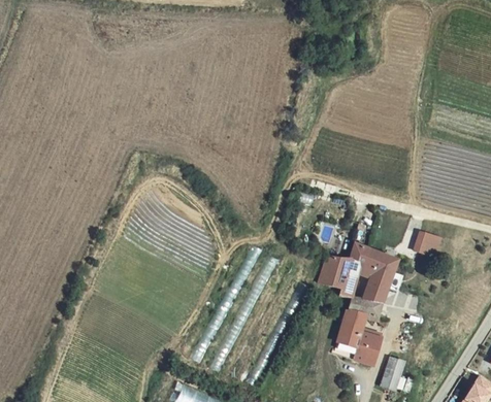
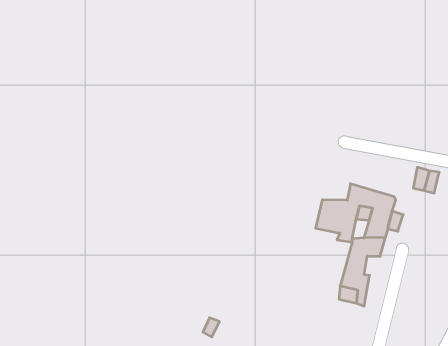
building: [360,326,387,360] -> none
building: [382,350,406,384] -> none

